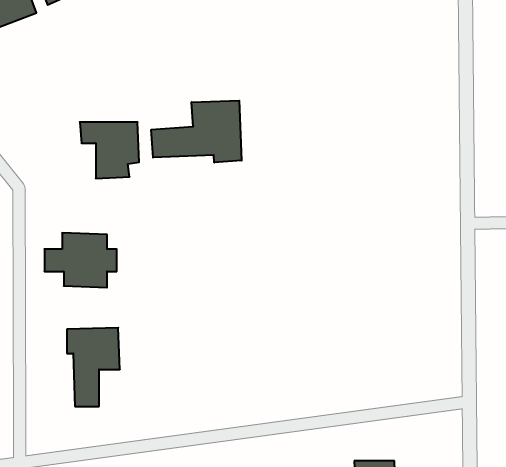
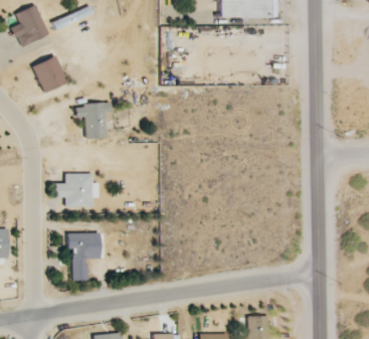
building: none -> [32,55,67,93]
building: [151,101,242,163] -> none

